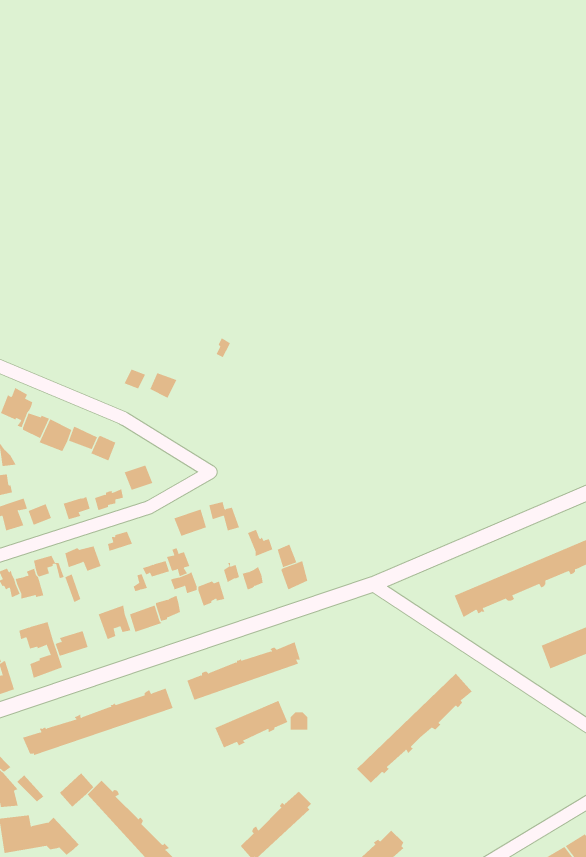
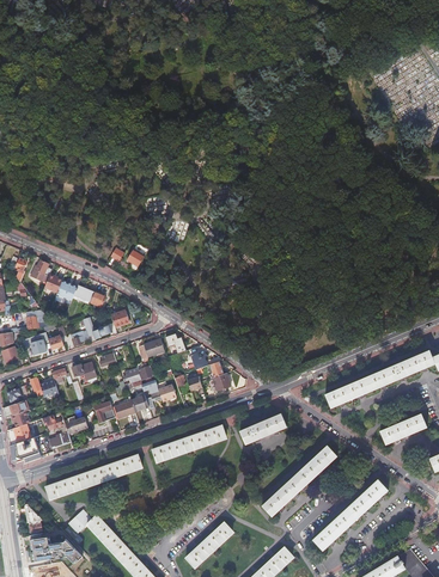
building: [214,700,288,748] -> [238,412,286,443]
building: none -> [312,479,388,551]

